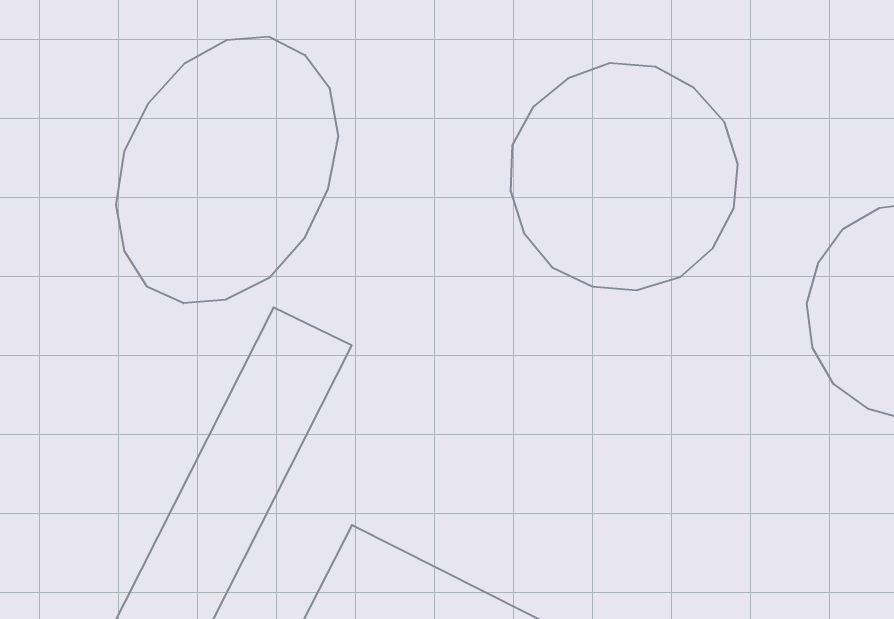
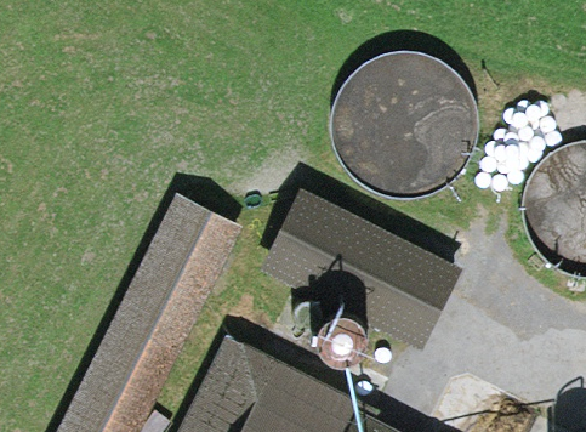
building: [116,37,338,303] -> none
building: none -> [269,193,482,336]

